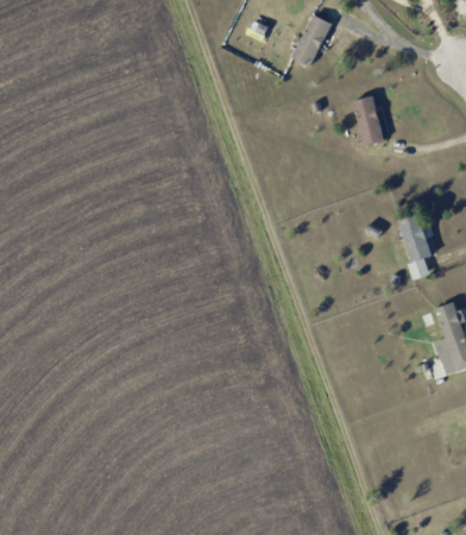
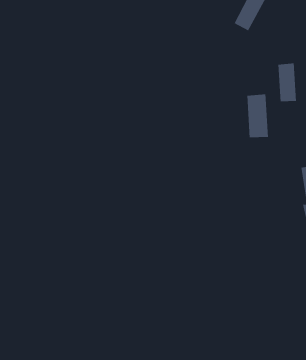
building: none -> [246,93,269,138]

